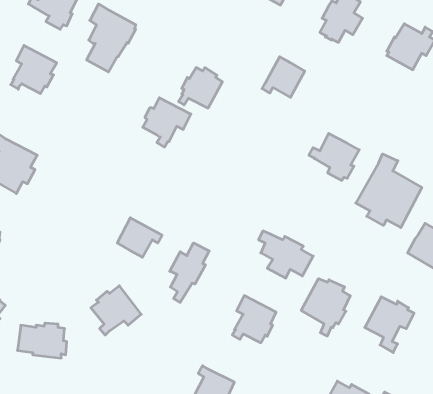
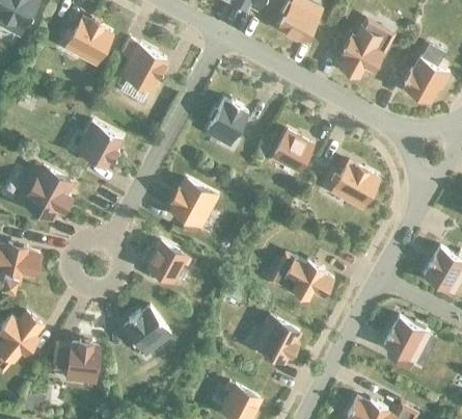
building: [11,45,57,94] -> [78,123,121,168]
building: [262,57,305,97] -> [270,132,310,171]
building: [143,98,191,147] -> [170,182,216,229]
building: [356,154,422,228] -> none
building: [170,243,209,302] -> none
building: [301,279,350,336] -> none

